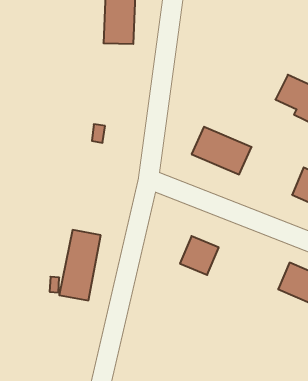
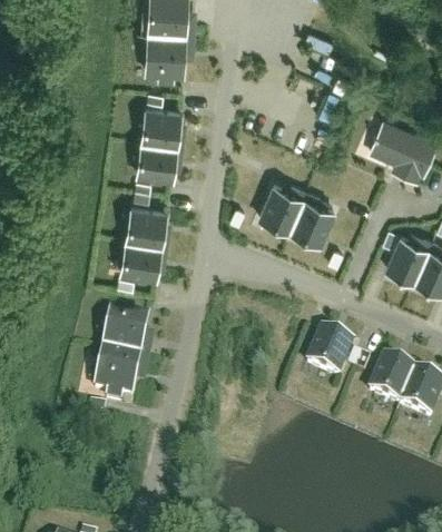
building: none -> [137,109,184,180]
building: none -> [121,206,168,280]
building: [180,236,219,275] -> [306,328,355,377]

